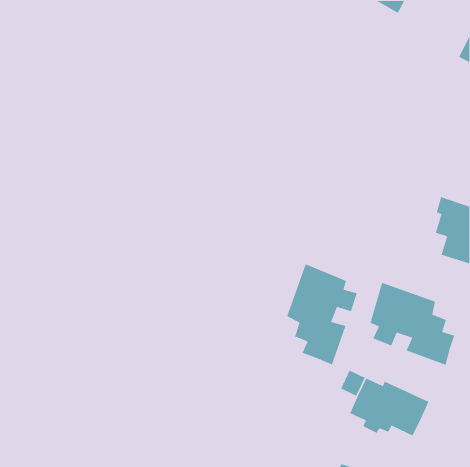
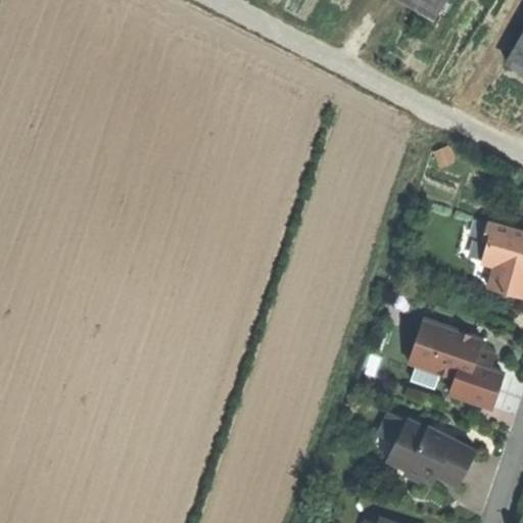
building: [286,263,358,366] -> none

